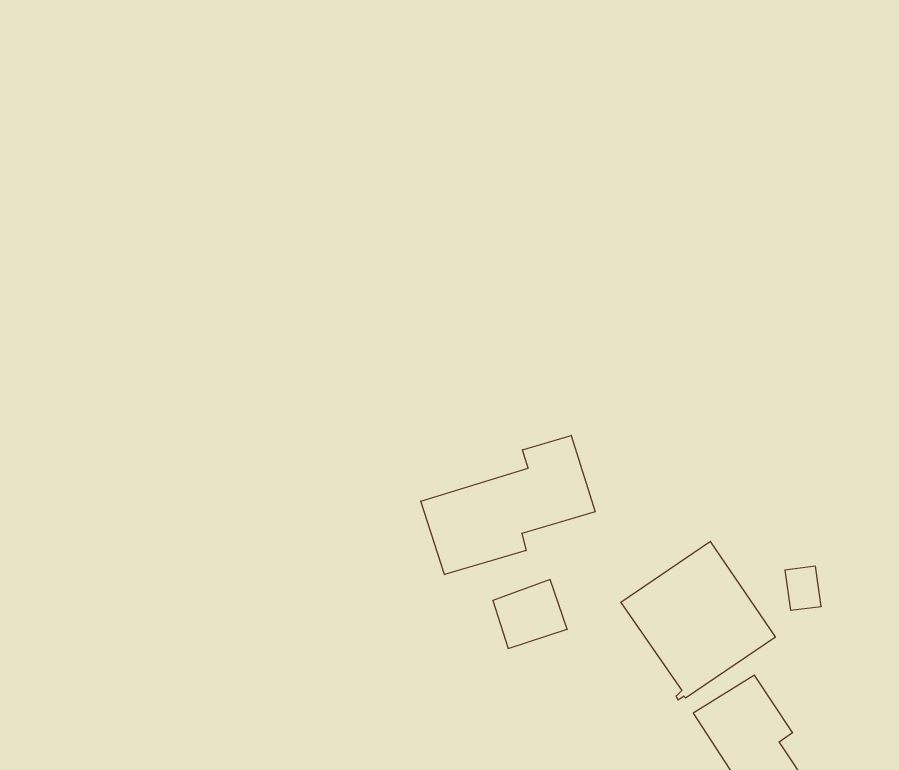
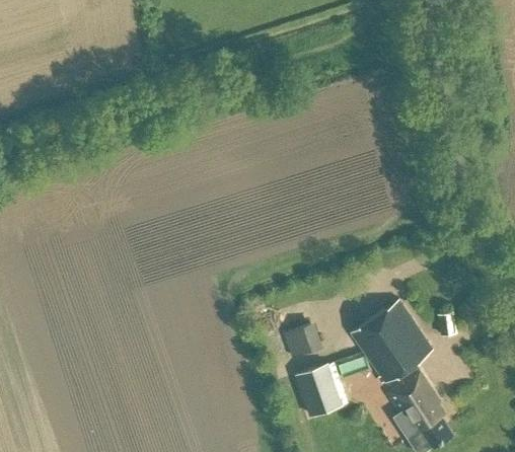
building: [421,435,595,575] -> none
building: none -> [297,363,348,417]

